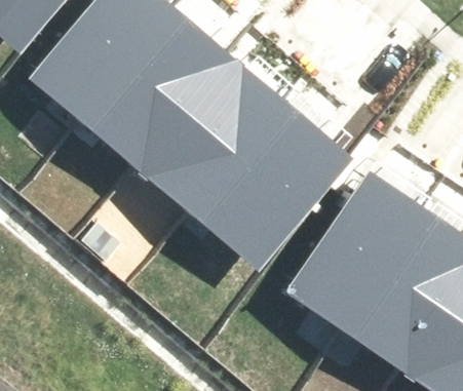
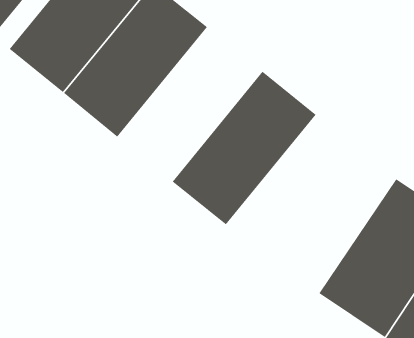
building: [141,53,297,220] -> none
building: [285,168,440,340] -> none

